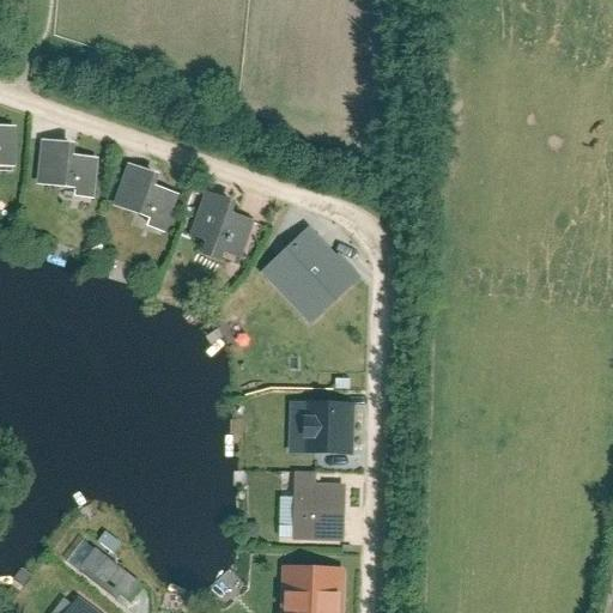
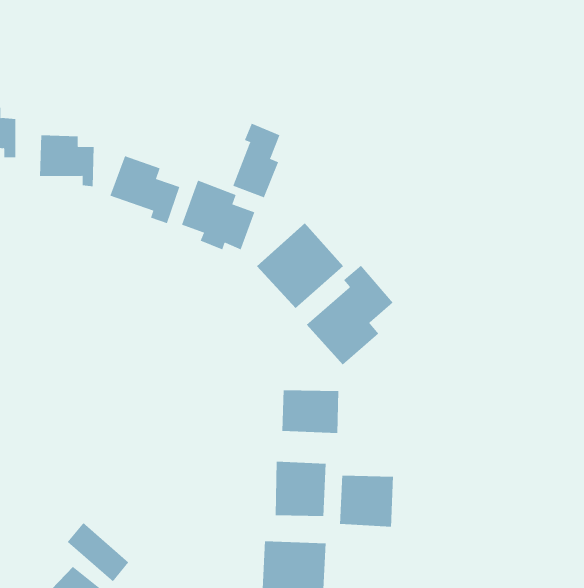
building: none -> [232,123,280,198]
building: none -> [306,265,393,366]
building: none -> [340,475,394,527]

